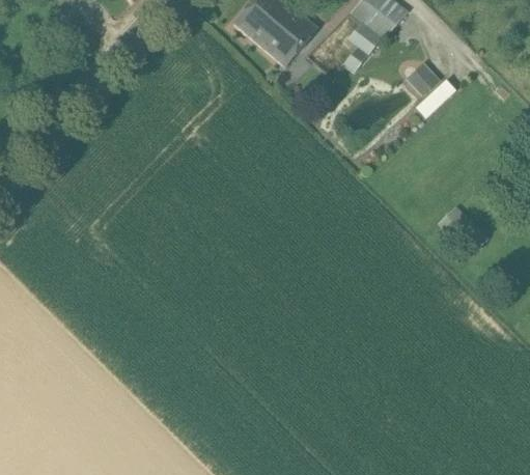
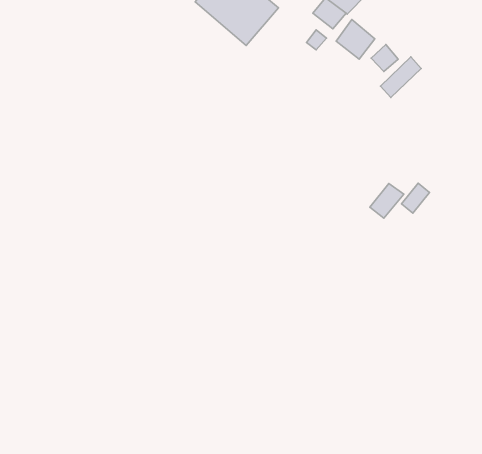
building: none -> [336,20,375,59]
building: none -> [370,184,404,218]

